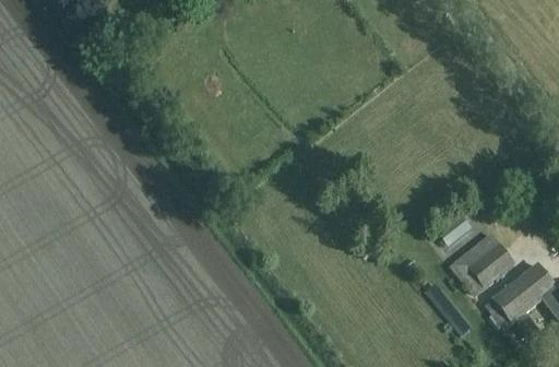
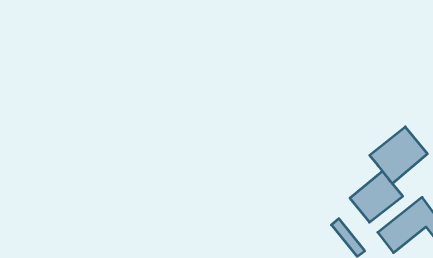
building: none -> [370,127,427,183]

